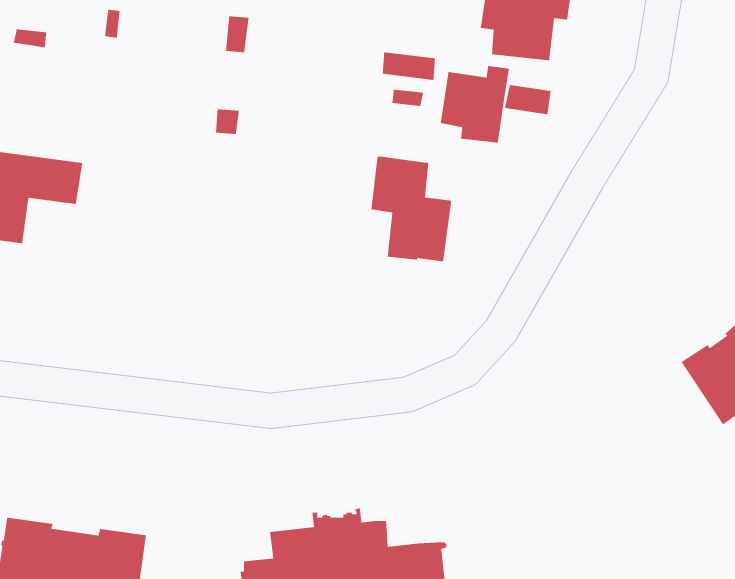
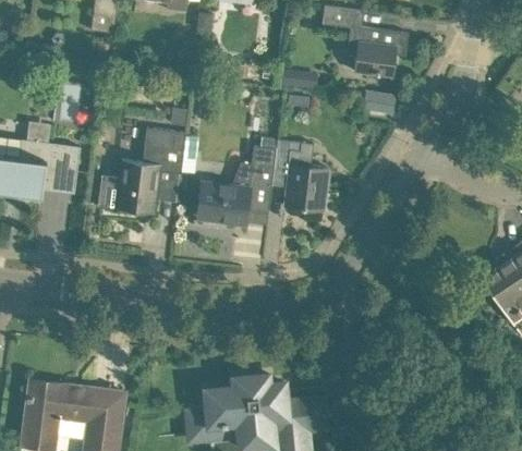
building: [440,65,510,144] -> none
building: none -> [98,129,185,212]
building: none -> [197,138,278,224]

